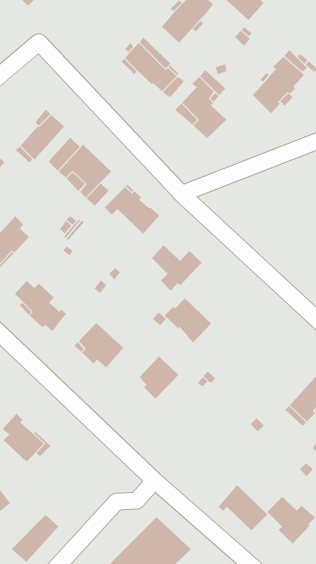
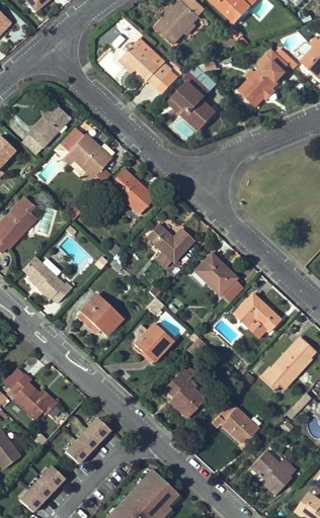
building: [164,298,212,344] -> [192,254,236,295]
building: none -> [234,293,279,331]
building: none -> [166,364,205,416]
building: none -> [66,419,108,462]
building: [218,484,268,531] -> [213,402,258,444]

